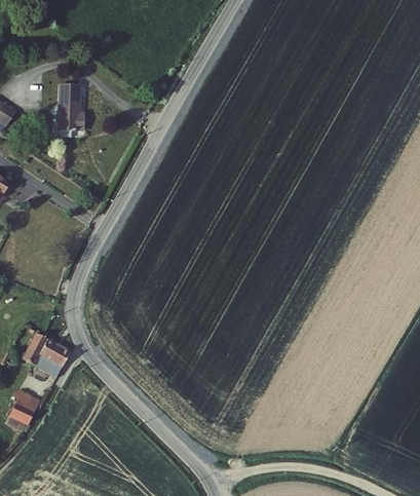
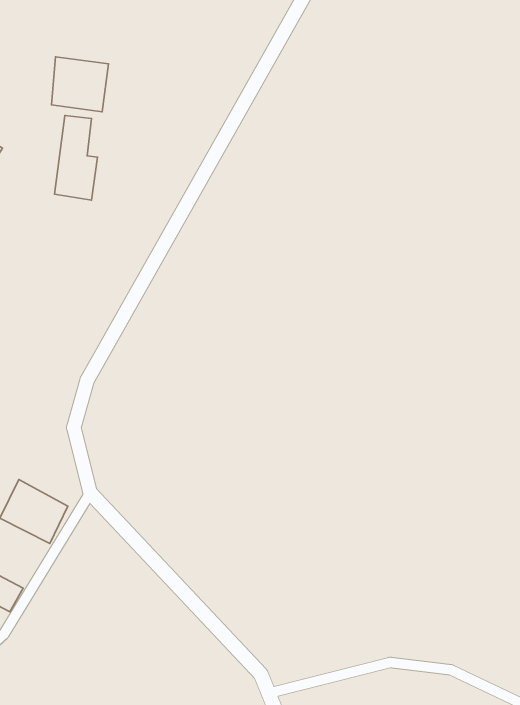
building: none -> [52,57,109,112]

